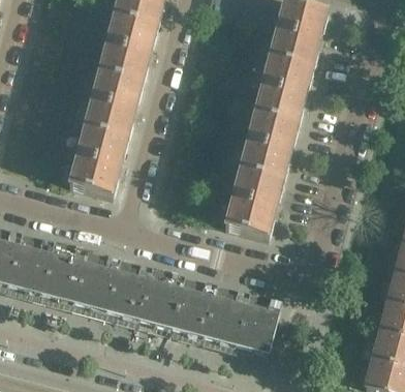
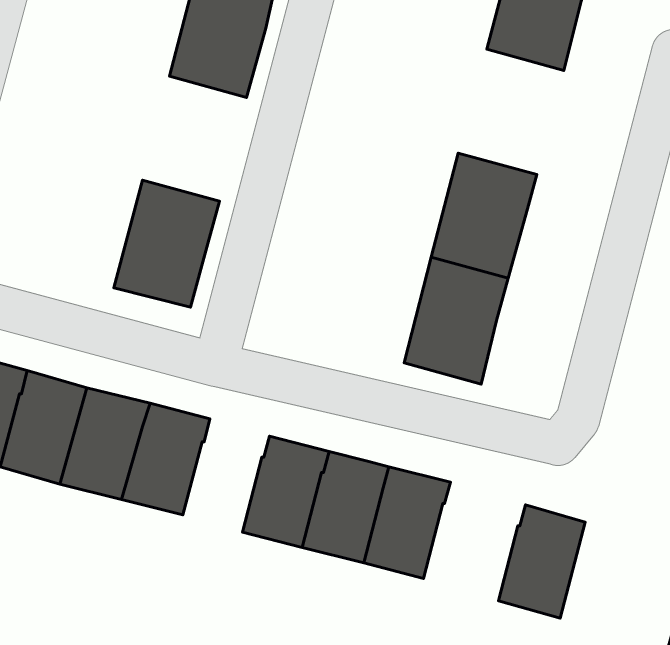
building: [253,61,310,128] -> none
building: [84,76,139,143] -> none
building: [105,260,152,321] -> none
building: [235,294,281,355] -> [499,505,585,618]

